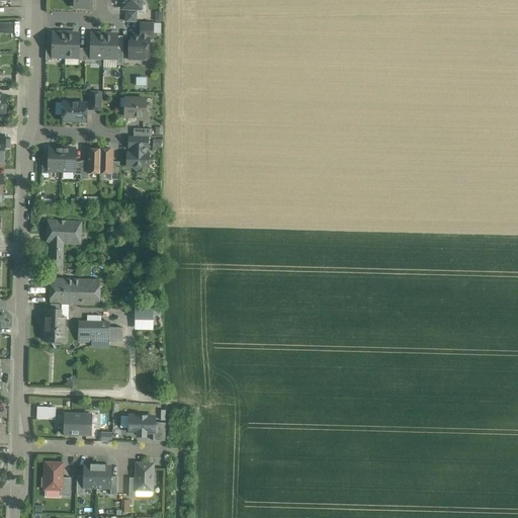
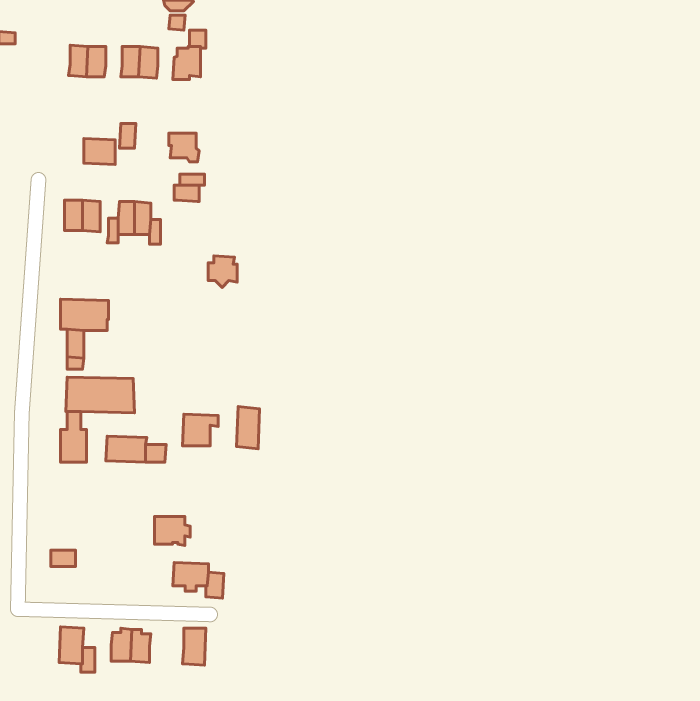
building: [126,148,148,171] -> [208,256,237,288]
building: none -> [236,406,260,449]
building: [64,414,90,435] -> [155,517,190,545]

